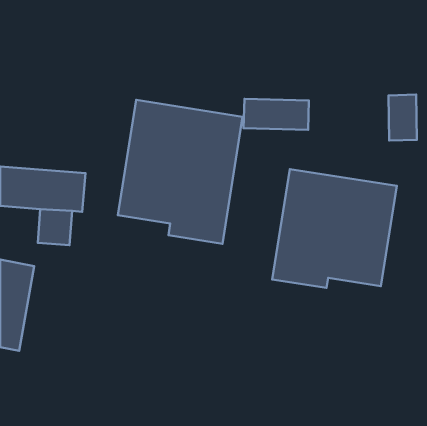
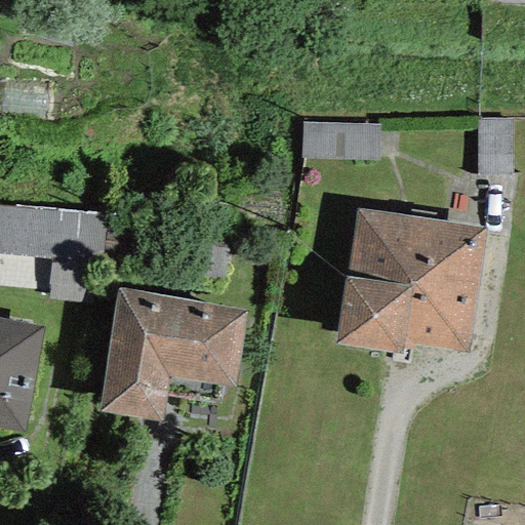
building: [118,100,243,244] -> none
building: none -> [96,288,247,420]

